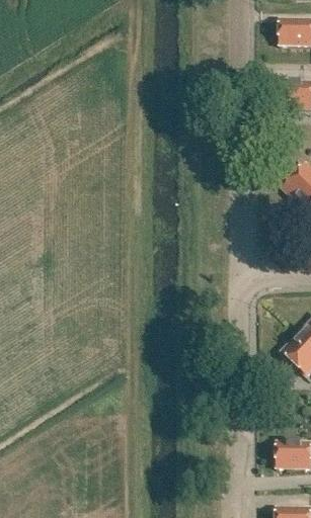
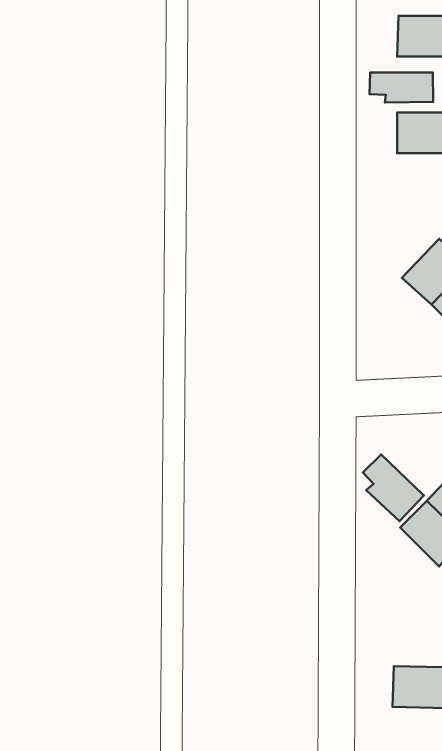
building: none -> [369,72,433,103]
building: none -> [363,454,424,521]

